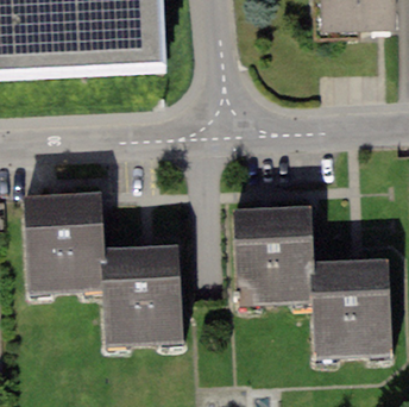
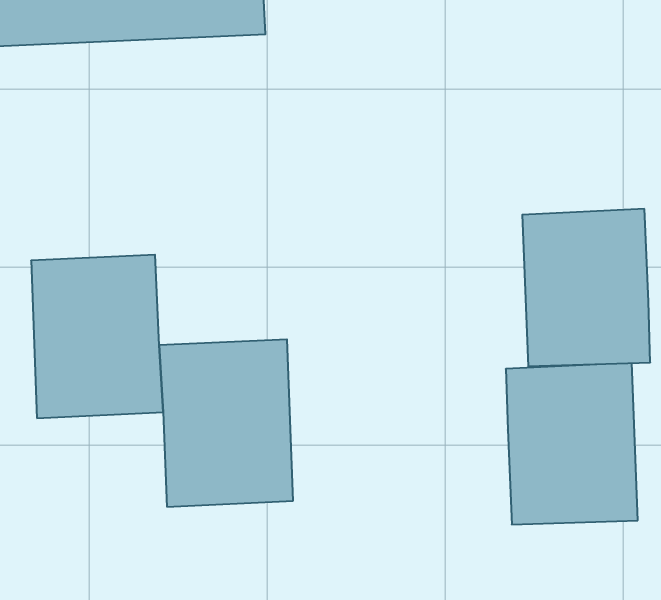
building: [234,206,312,301] -> [522,209,650,366]

